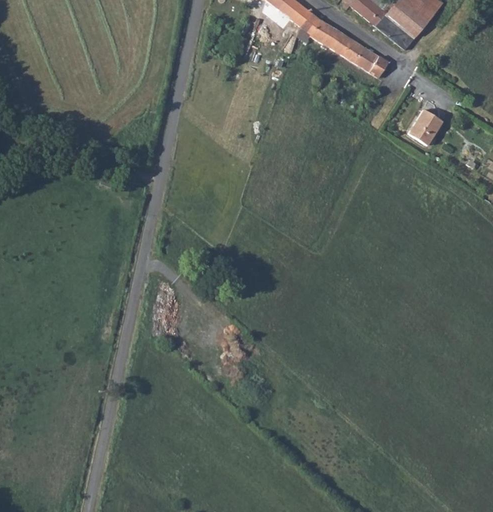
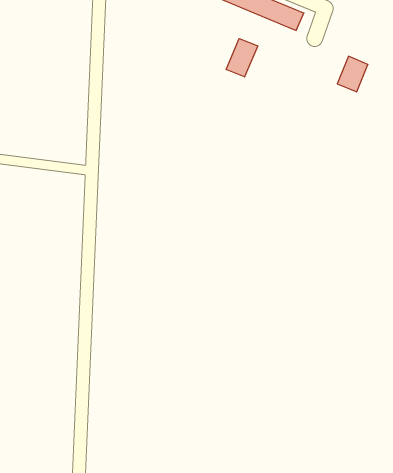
building: none -> [226,39,258,77]

